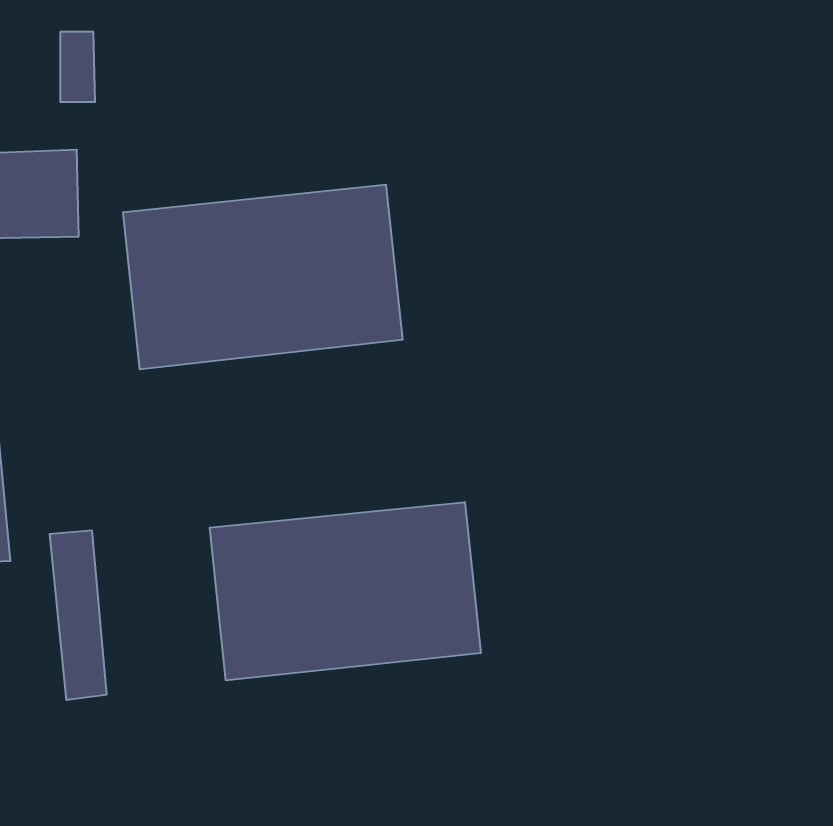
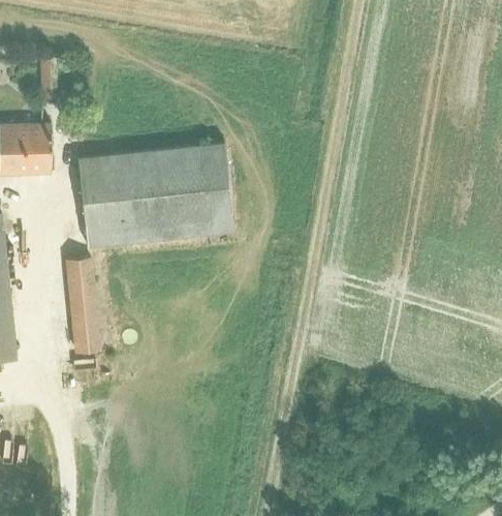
building: [210,502,481,680] -> none
building: [50,530,107,700] -> [66,257,98,353]

